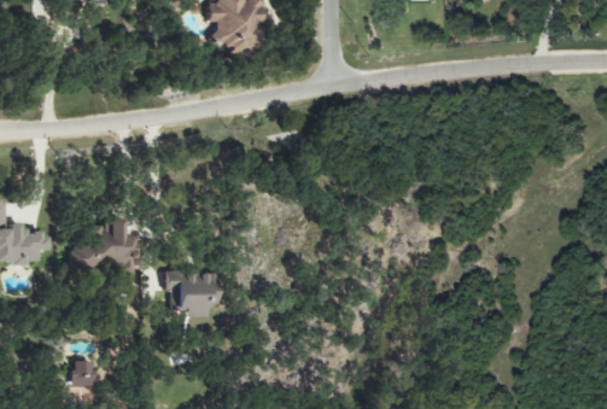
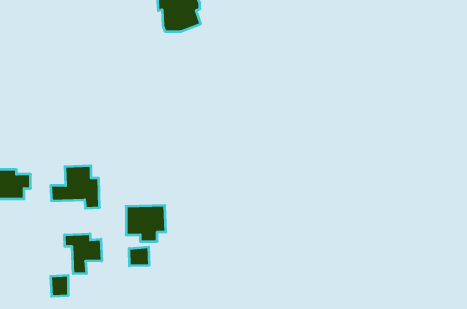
building: none -> [65,234,102,274]
building: none -> [129,247,149,266]

